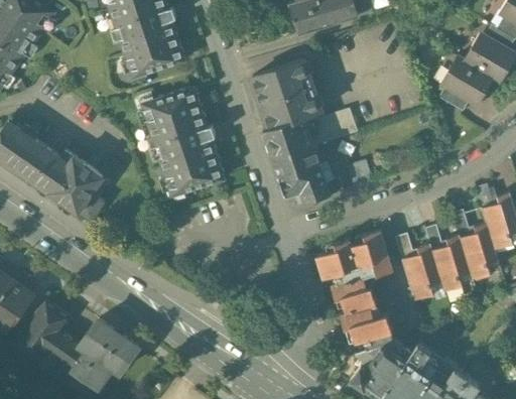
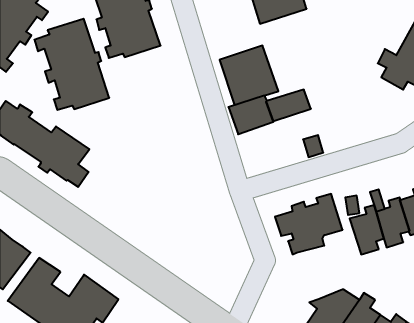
building: [137,86,223,190] -> [34,19,109,110]
building: [273,146,343,201] -> none
building: [340,288,393,350] -> none

